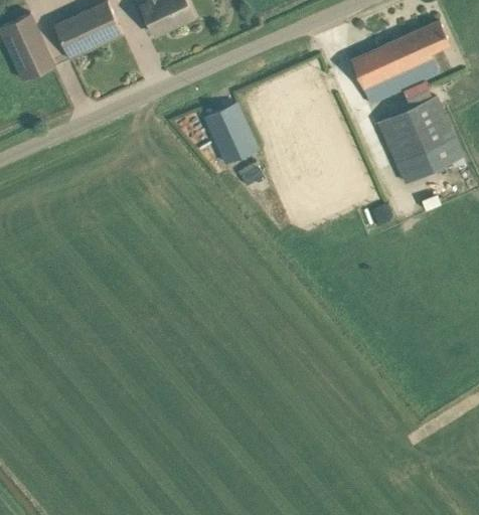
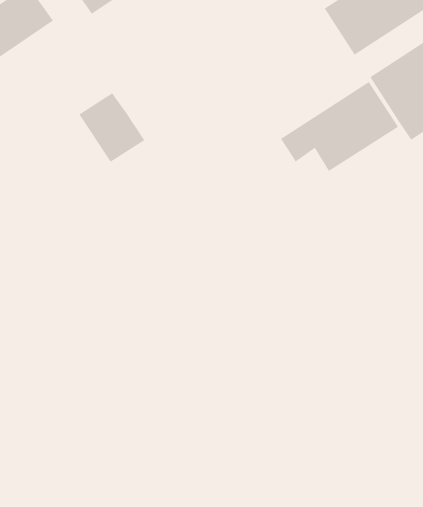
building: [204,103,257,161] -> [79,92,145,163]
building: none -> [280,81,399,172]

